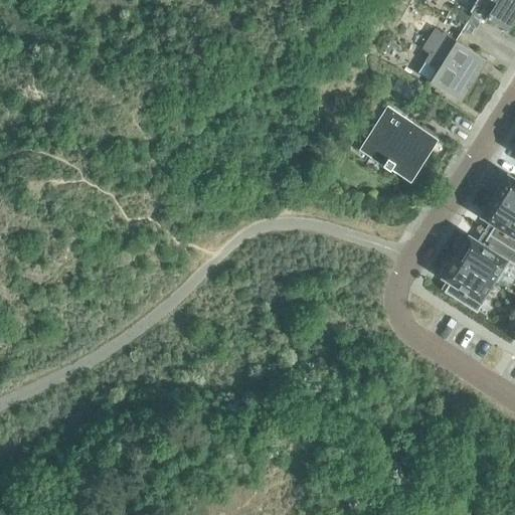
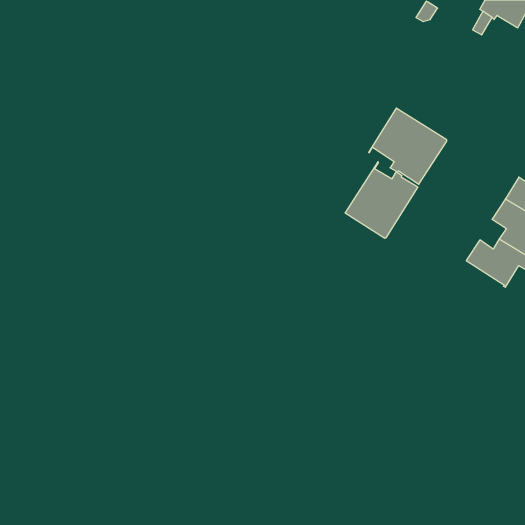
building: [422,28,487,101] -> none
building: none -> [345,162,418,238]
building: [441,255,494,313] -> none

